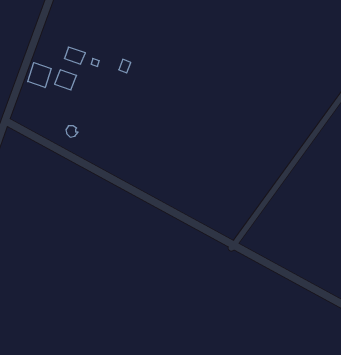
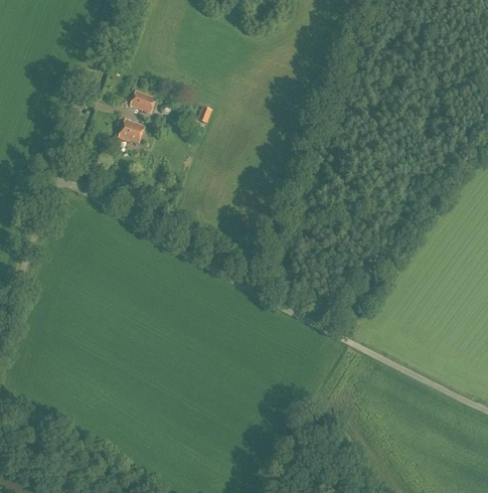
building: [28,63,51,88] -> none

